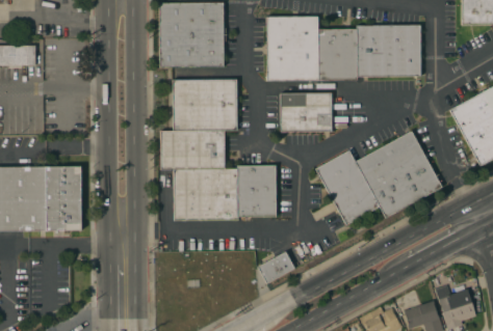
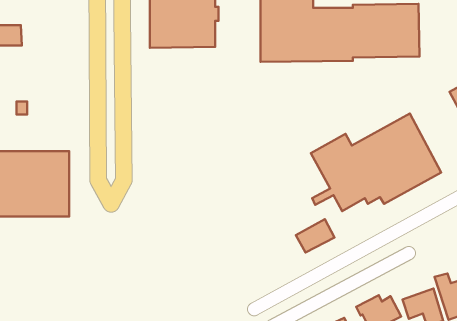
building: [161,79,277,220] -> none
building: [281,92,332,131] -> none
building: [258,250,295,282] -> [296,219,334,252]

